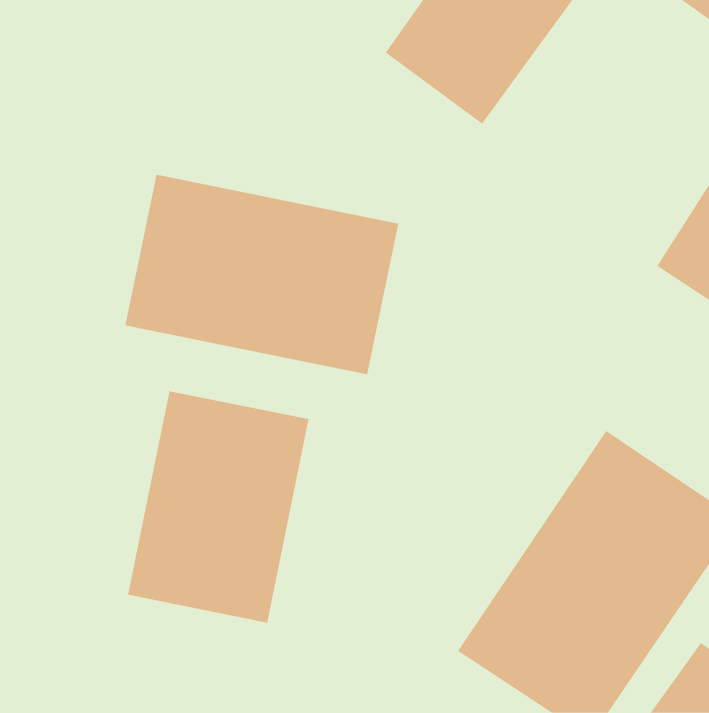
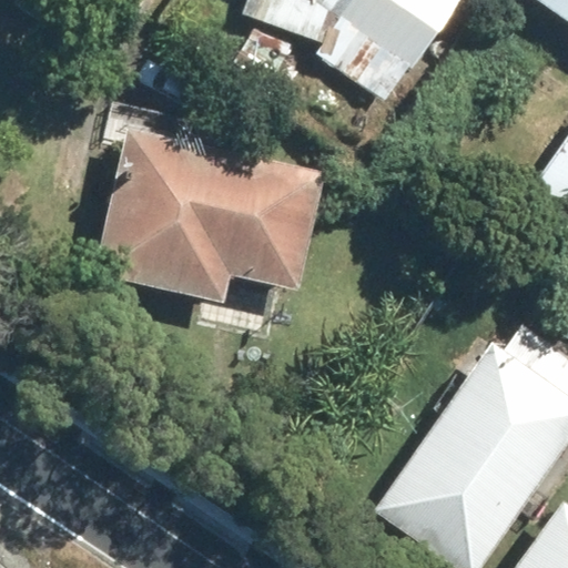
building: [128,390,309,623] -> none

